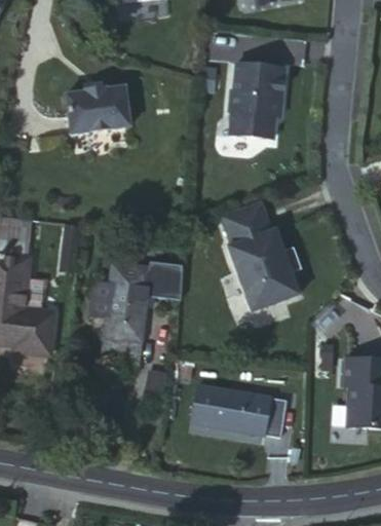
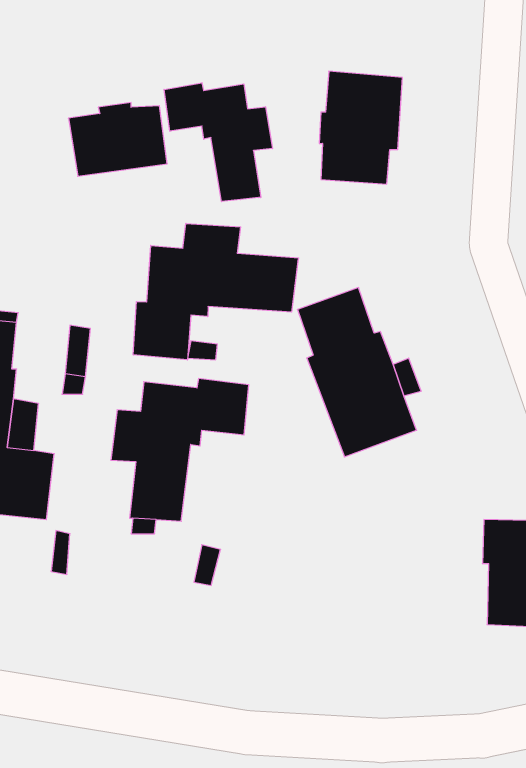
building: none -> [164,83,272,202]
building: none -> [133,223,298,360]
building: [194,385,288,438] -> none

